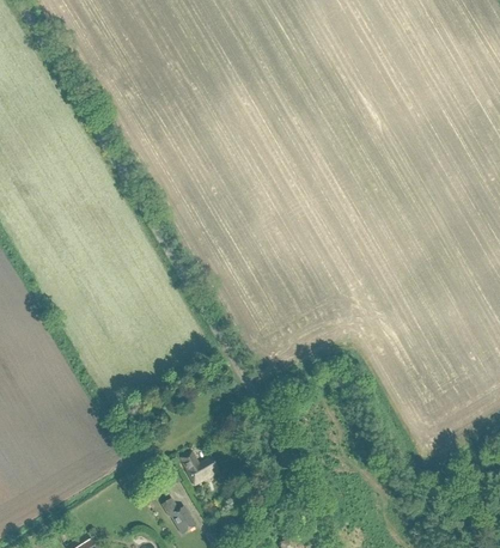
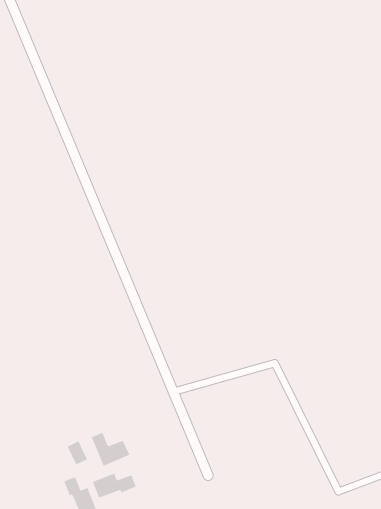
building: none -> [92,473,136,498]

